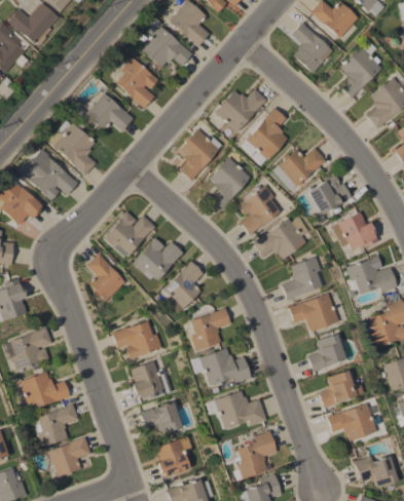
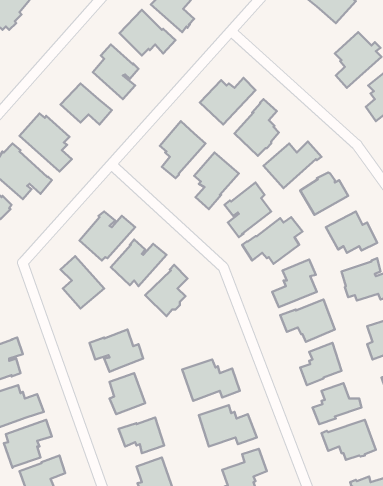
building: [291,23,330,73] -> none
building: [190,308,231,351] -> none

